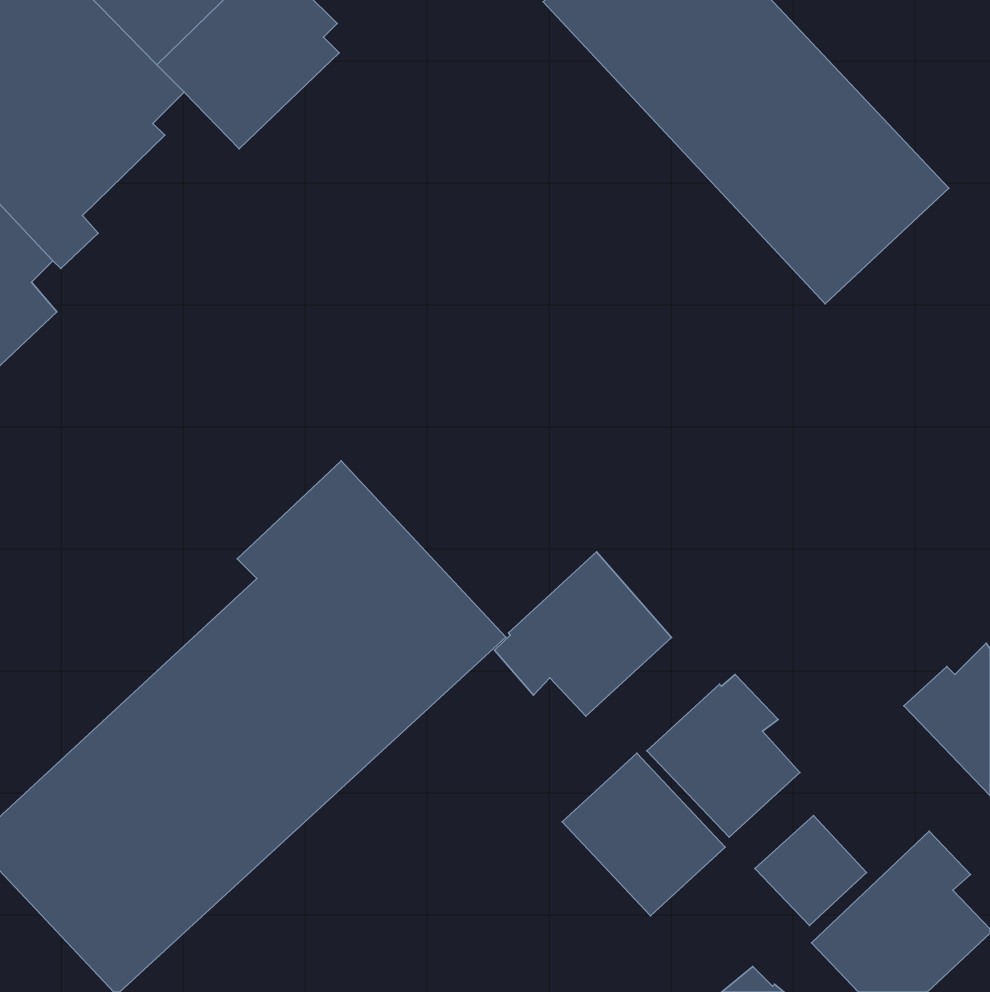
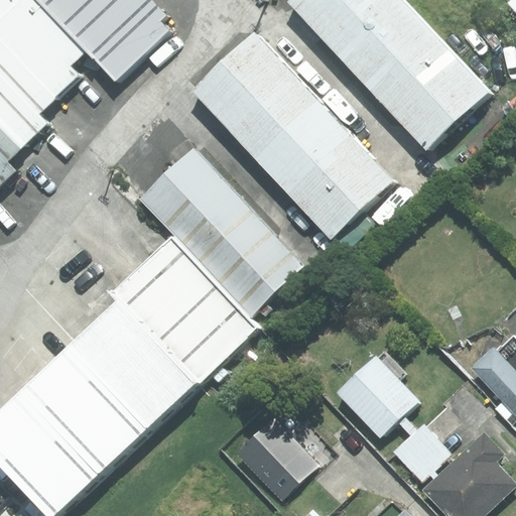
building: none -> [191,35,389,240]
building: none -> [143,141,312,314]
building: [494,552,671,716] -> none
building: [562,753,725,916] -> [231,413,314,497]

